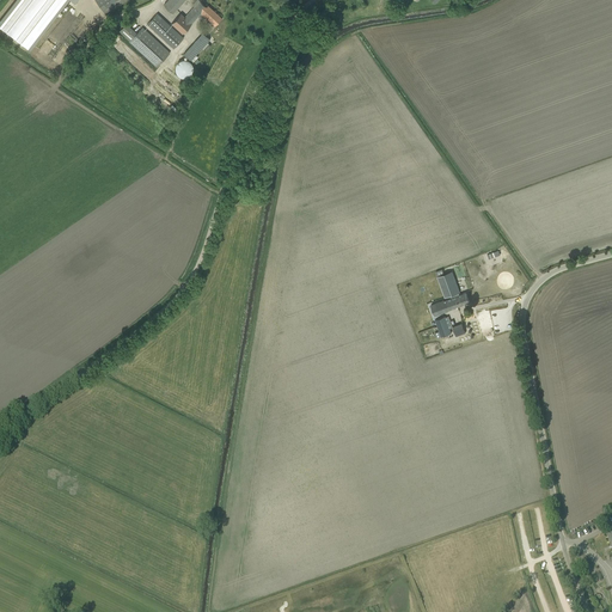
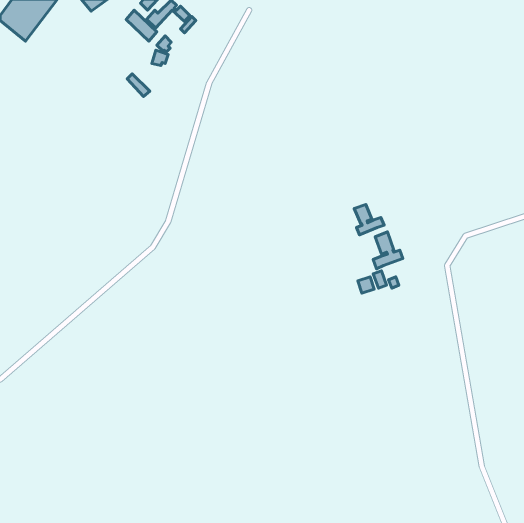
building: [118,23,170,66] -> none
building: none -> [354,204,384,235]

